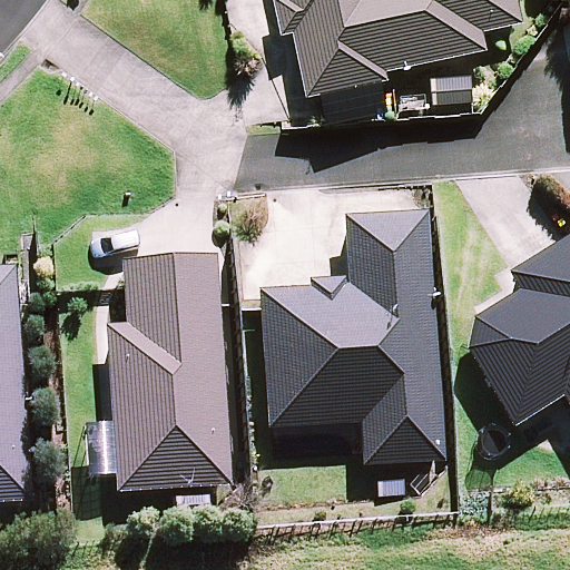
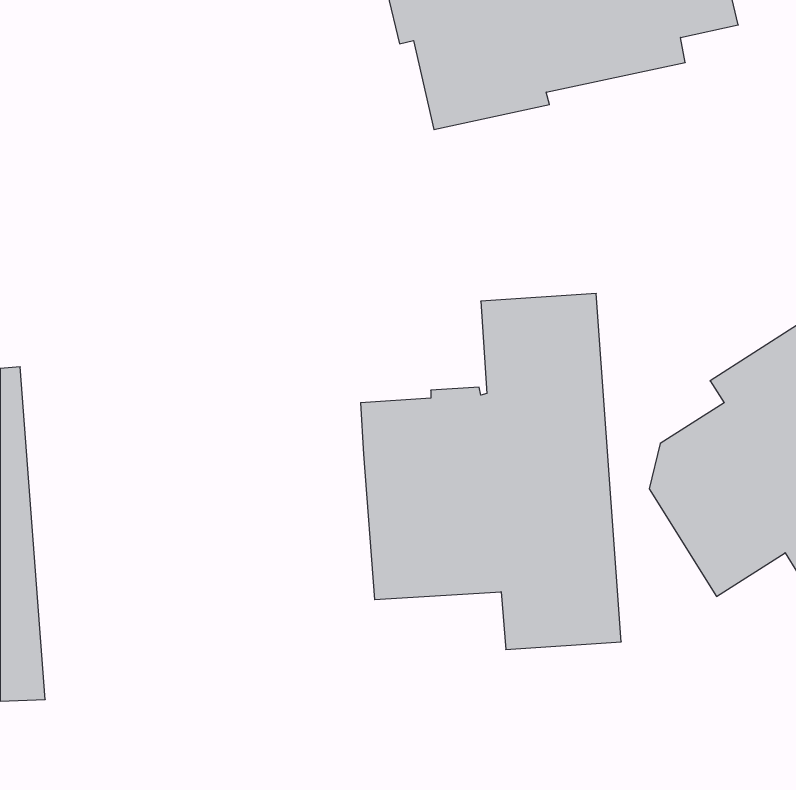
building: [105,254,233,491] -> none

